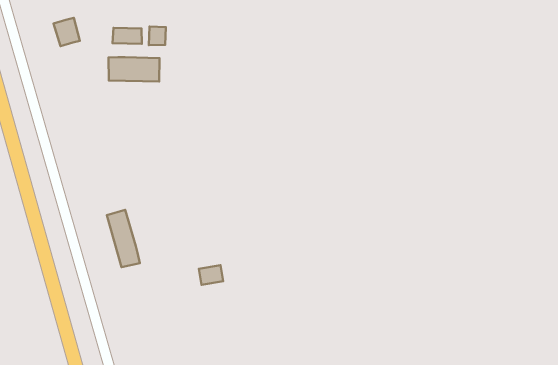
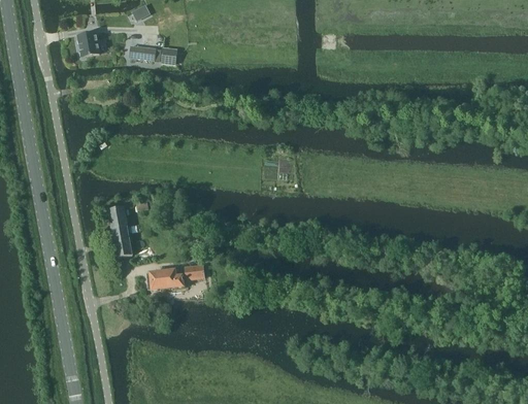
building: [108,57,160,81] -> none
building: none -> [150,269,186,290]

